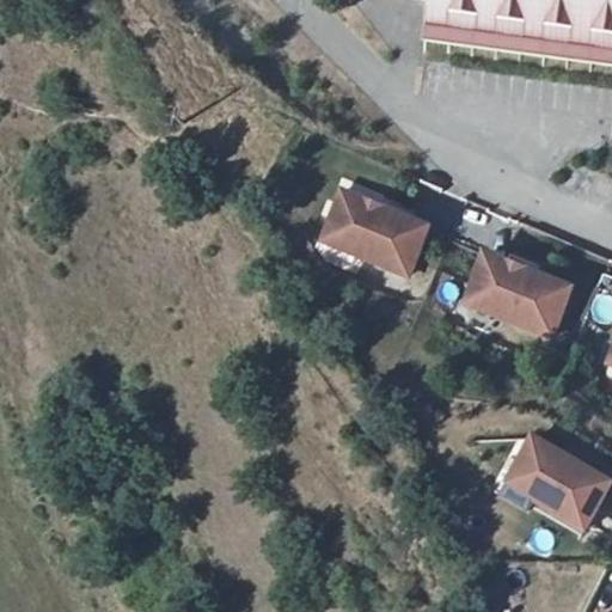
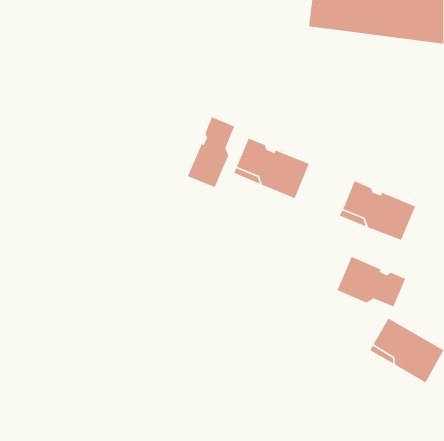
building: none -> [187,116,235,188]
building: none -> [337,256,406,307]

